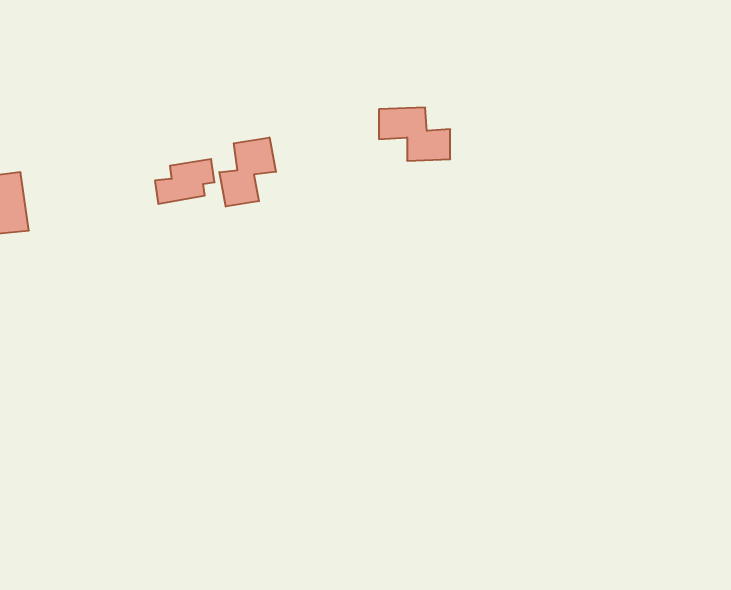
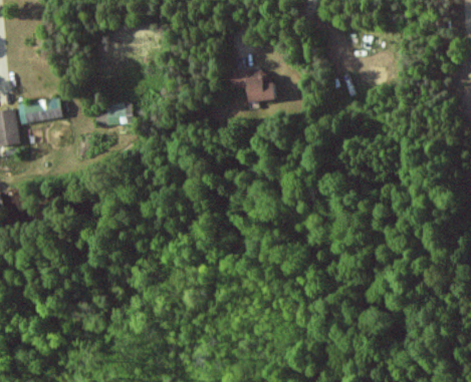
building: [219,137,276,207] -> none
building: none -> [18,96,63,124]

